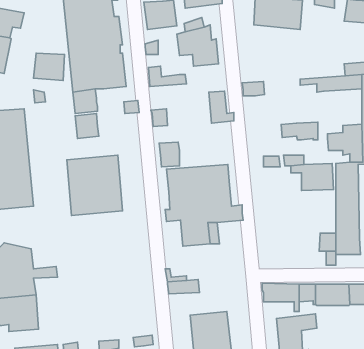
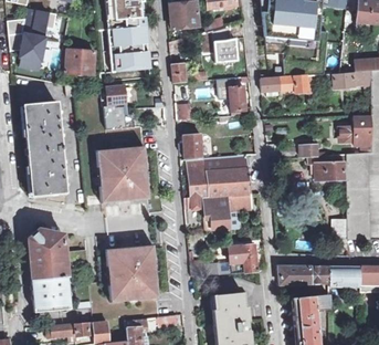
building: [281,122,318,140] -> [281,75,315,92]
building: none -> [106,244,158,301]
building: none -> [231,244,259,273]

